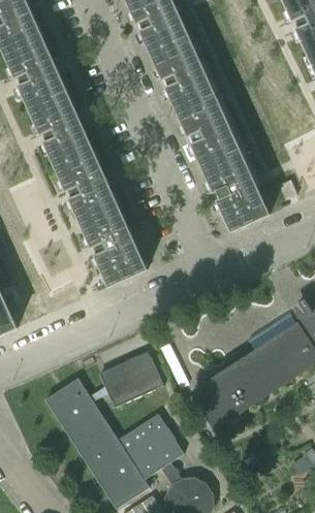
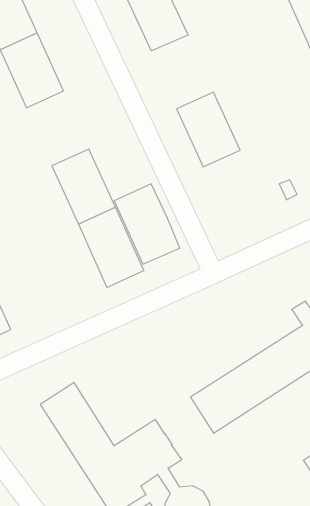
building: [153,38,214,110] -> none
building: [31,93,92,166] -> none
building: [203,151,267,229] -> [114,184,180,264]
building: [98,351,162,408] -> none

